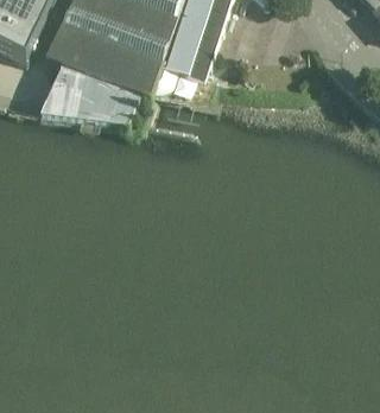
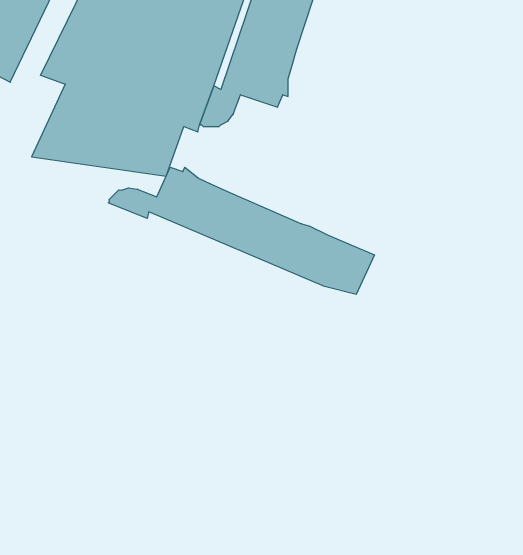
building: none -> [108,167,375,294]

